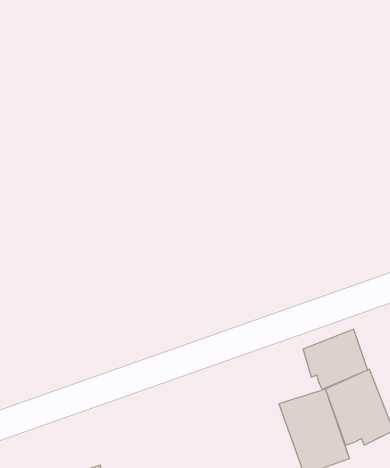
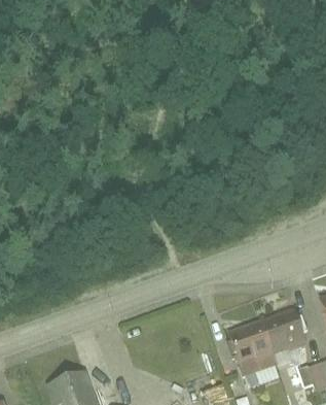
building: [303,329,367,390] -> none

